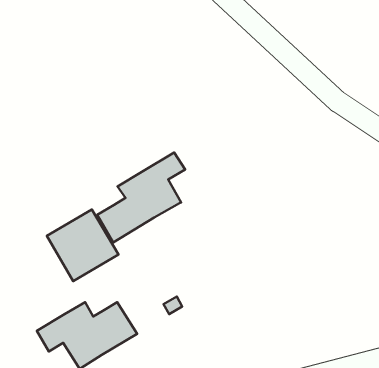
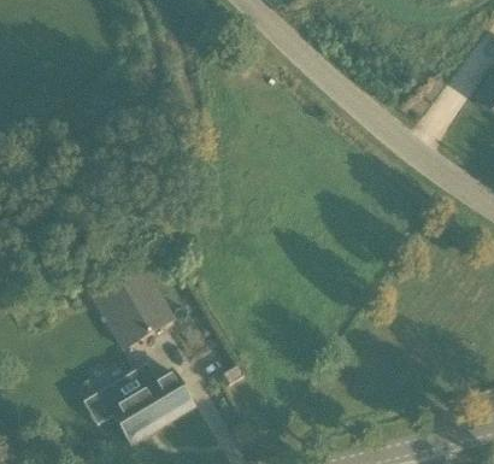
building: [97,152,185,242] -> none

